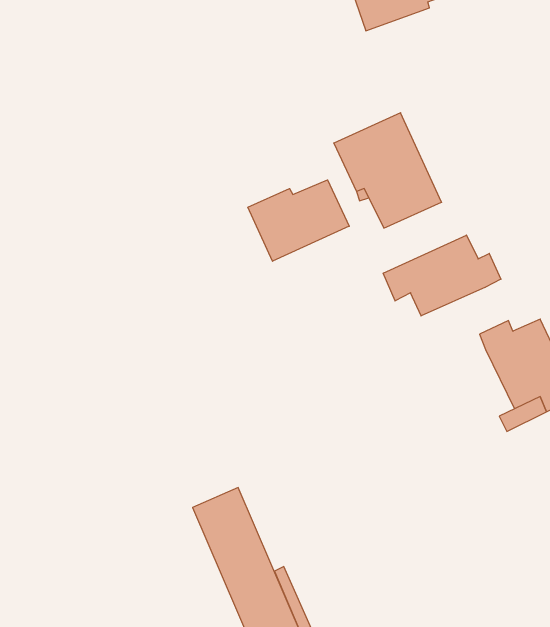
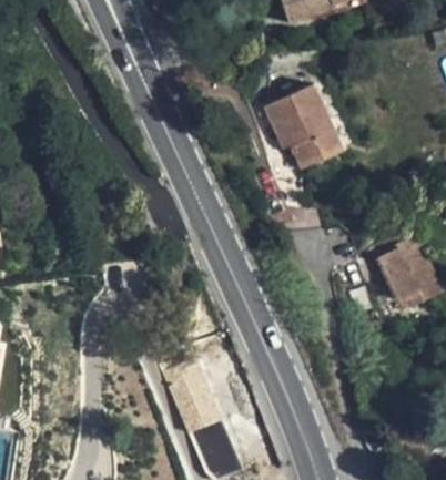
building: [248,180,349,261] -> none
building: [383,235,501,316] -> none

